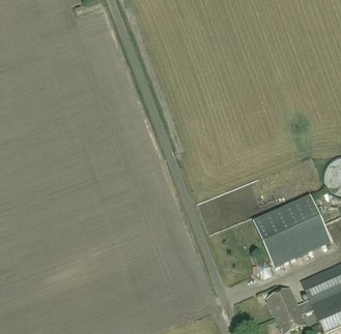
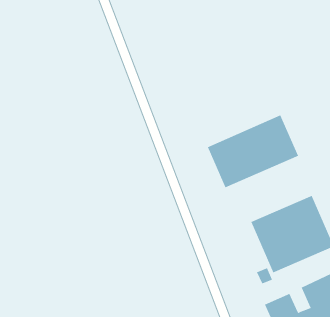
building: none -> [207,115,299,188]

